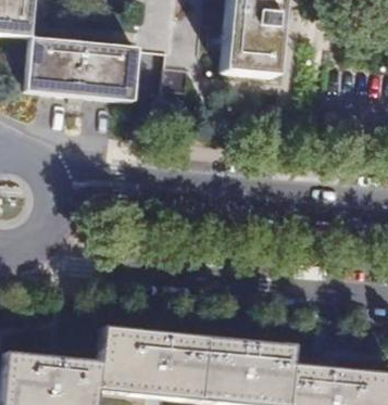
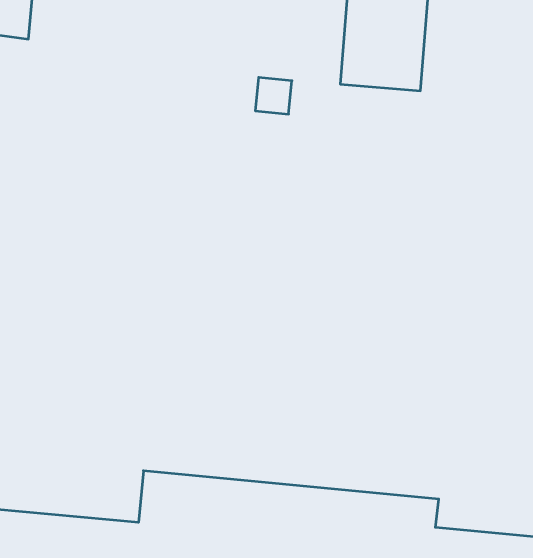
building: [25,45,135,110] -> none

